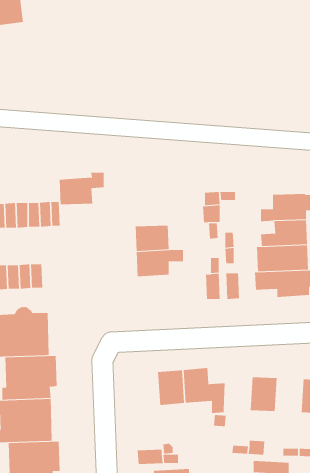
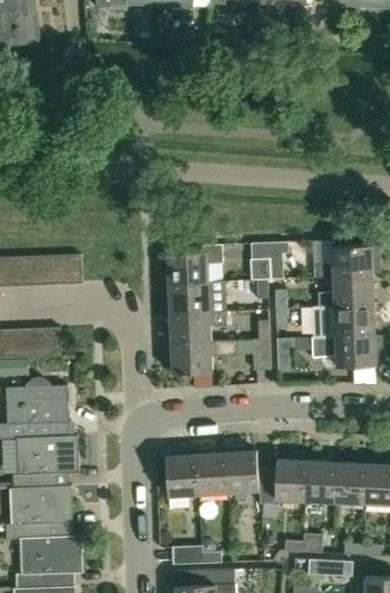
building: [59,172,105,205] -> [168,244,222,282]
building: none -> [172,339,238,372]
building: none -> [166,454,198,507]
building: none -> [275,459,307,499]
building: none -> [335,461,367,502]

